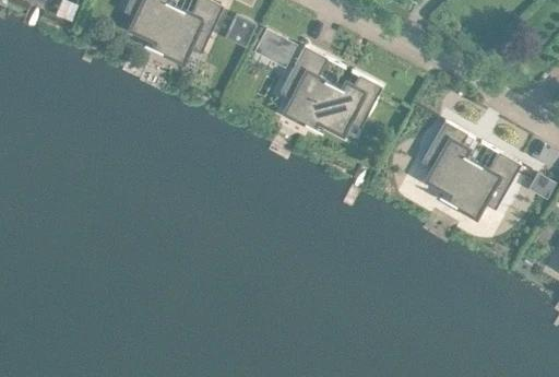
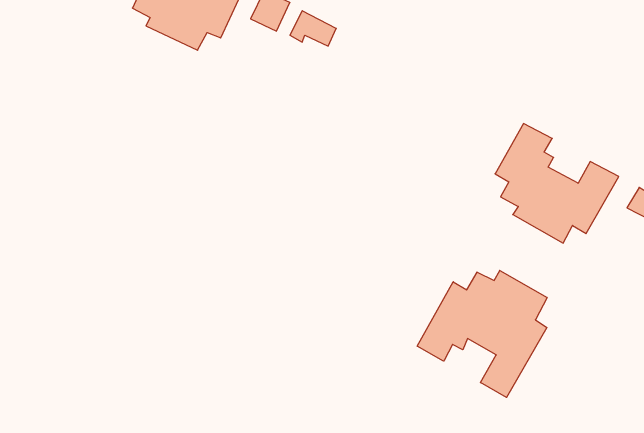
building: [278,46,381,134] -> none
building: none -> [417,270,547,397]

